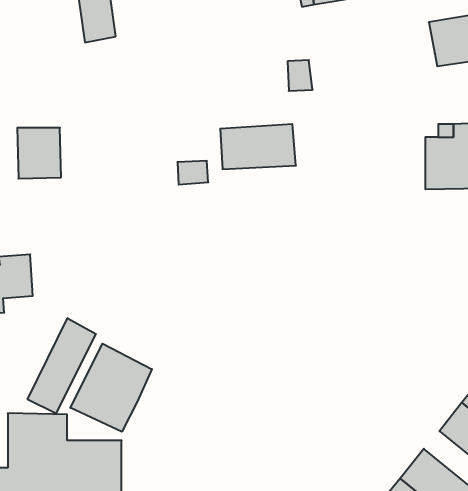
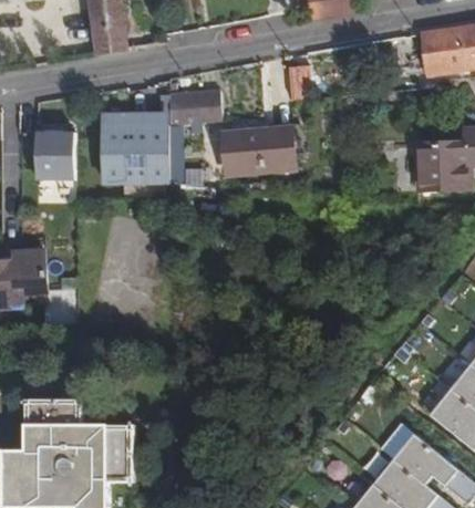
building: none -> [175,90,220,123]
building: none -> [100,123,169,182]
building: [28,318,96,413] -> none
building: [70,344,152,432] -> none

